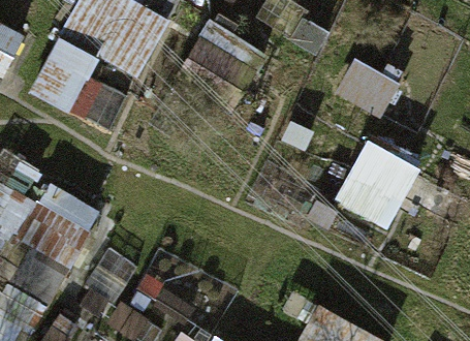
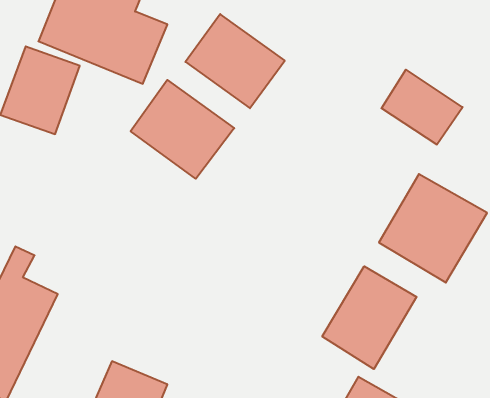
building: none -> [131,80,234,179]
building: none -> [322,266,417,369]

